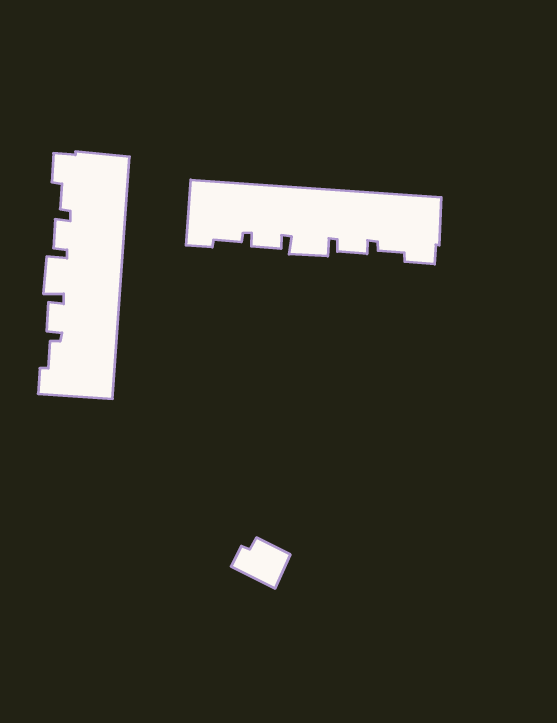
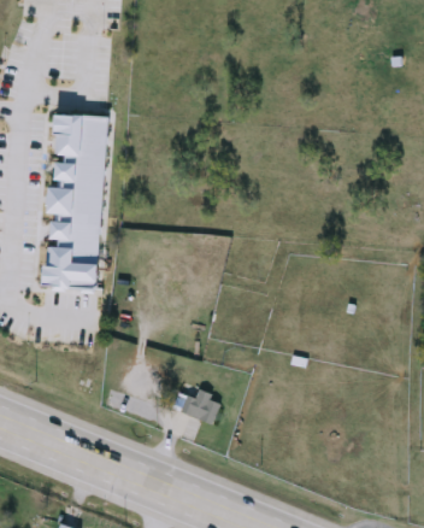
building: [186,180,441,264] -> none

